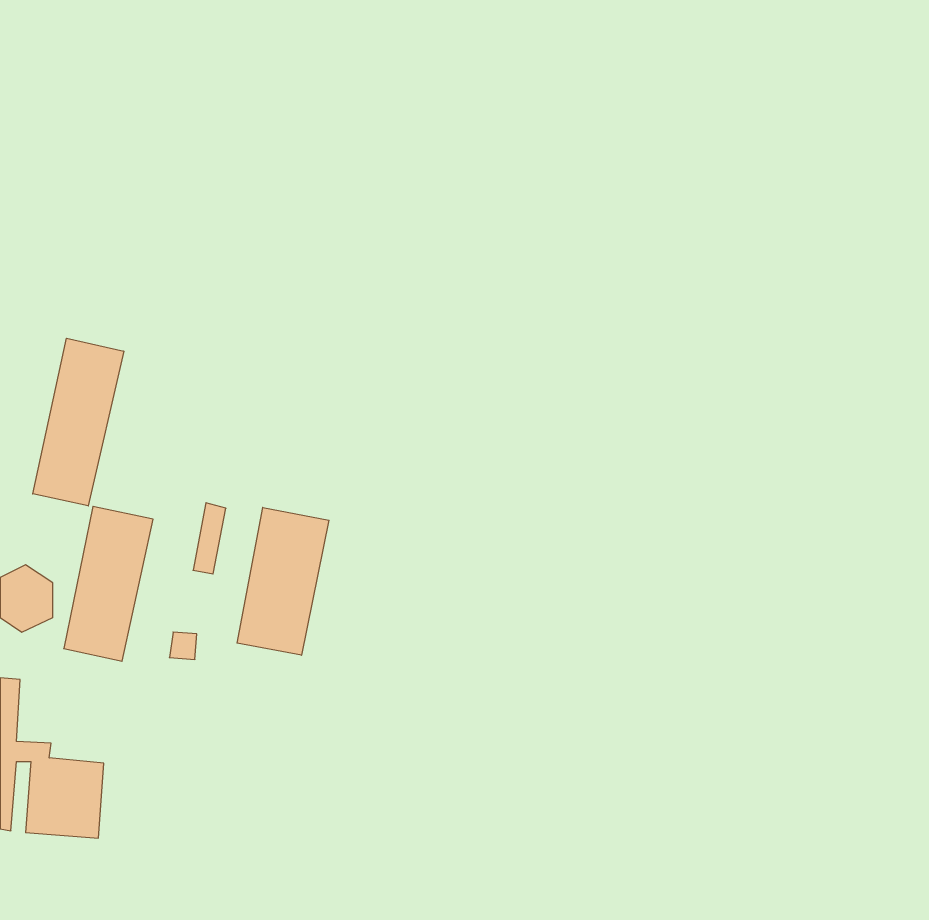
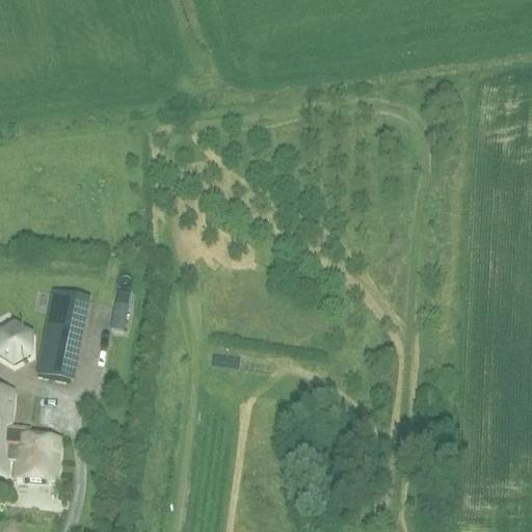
building: [33,338,124,506] -> none
building: [237,507,329,655] -> none

